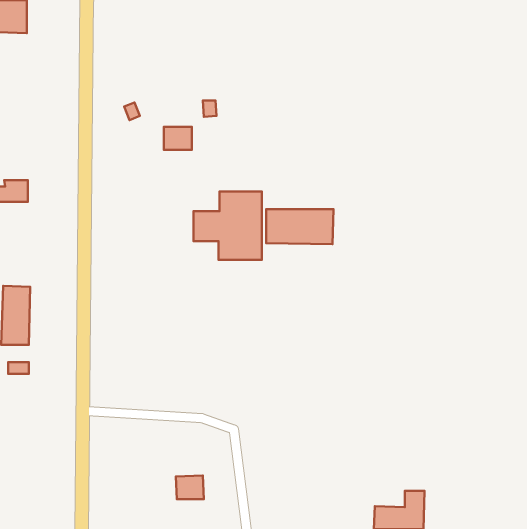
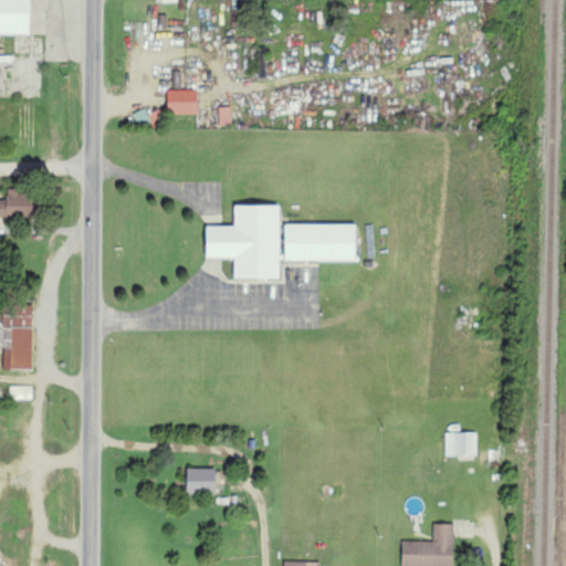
building: [164,127,192,150] -> [166,91,196,115]
building: none -> [444,432,476,455]
building: [176,475,204,499] -> [186,468,216,493]

